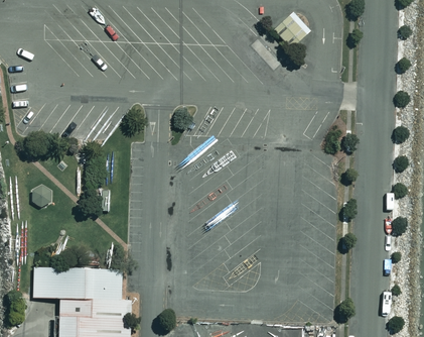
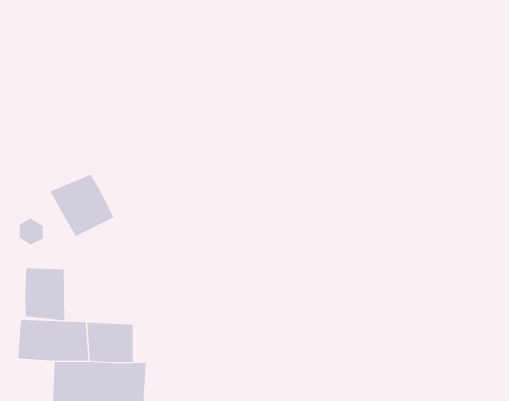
building: none -> [49,174,114,237]
building: none -> [25,267,65,321]

